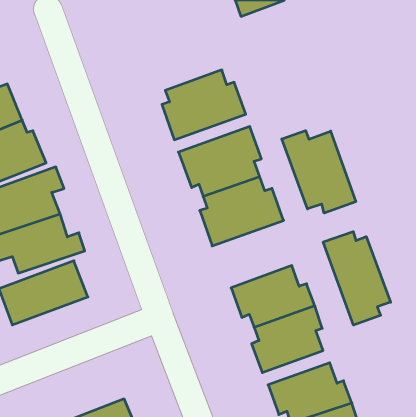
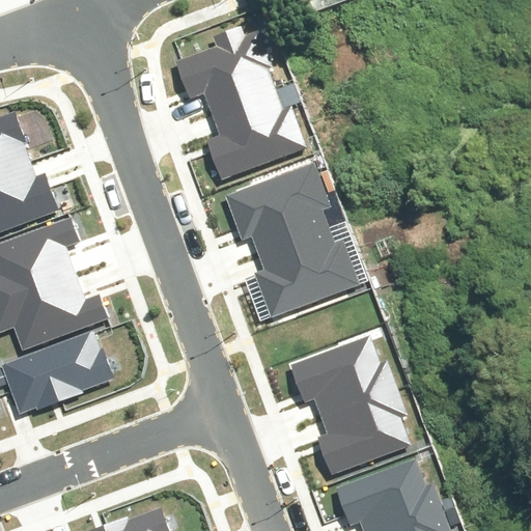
building: none -> [177,30,282,118]
building: [282,131,356,213] -> none
building: [323,232,391,325] -> none

